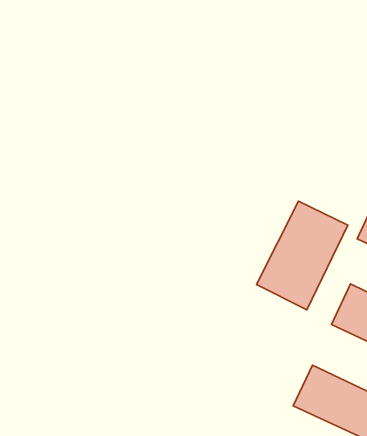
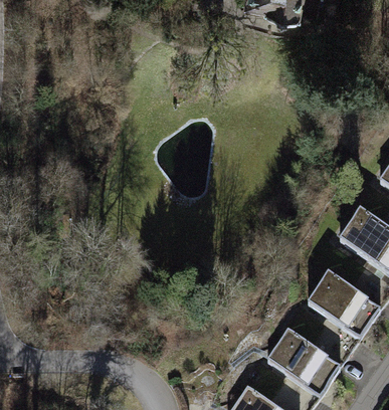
building: [257,201,348,310] -> none

